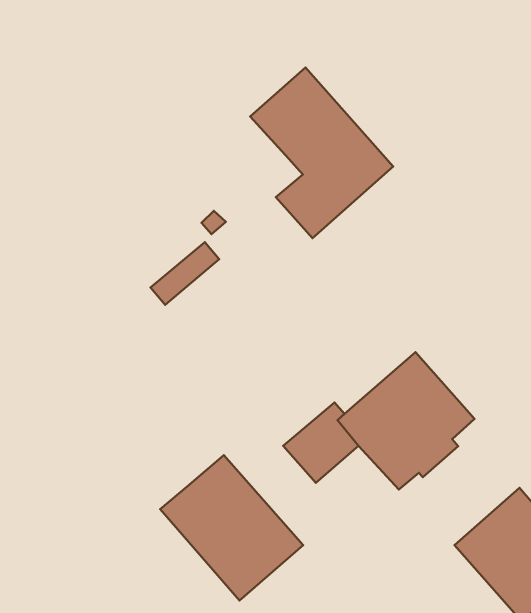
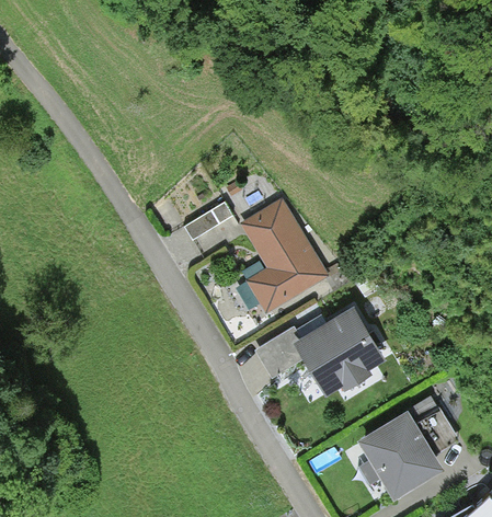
building: [250,68,393,238] -> [239,202,329,317]
building: [160,455,303,601] -> none

